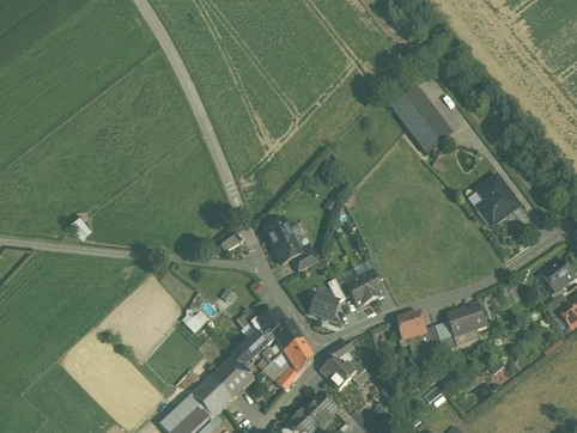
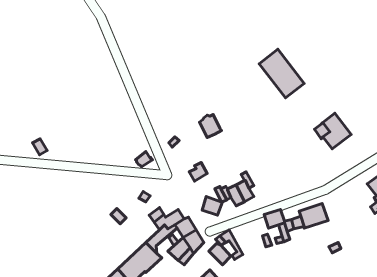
building: [271,230,302,262] -> [200,114,222,137]

